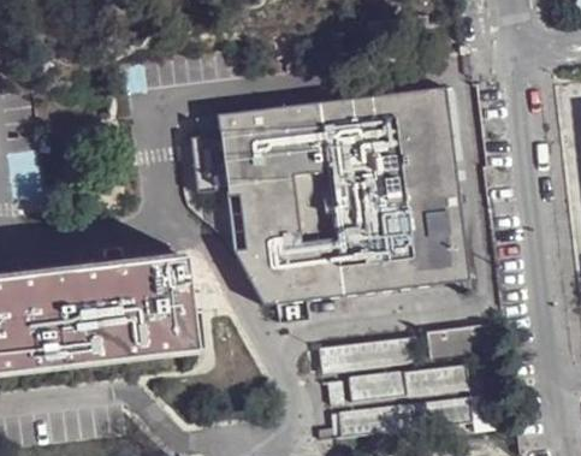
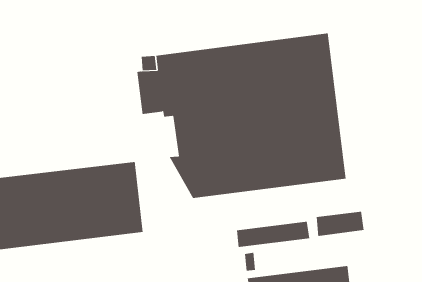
building: [352,361,469,398] -> none

